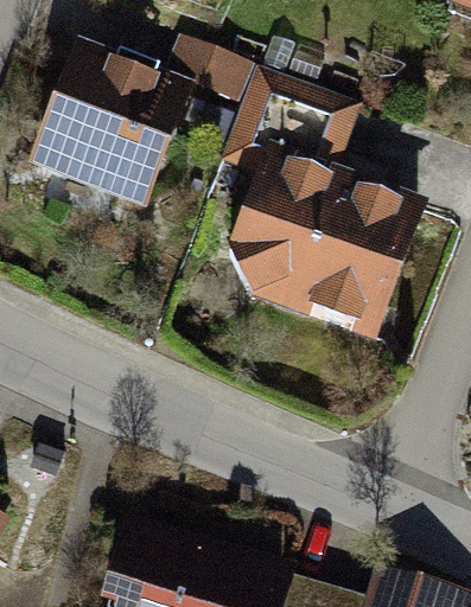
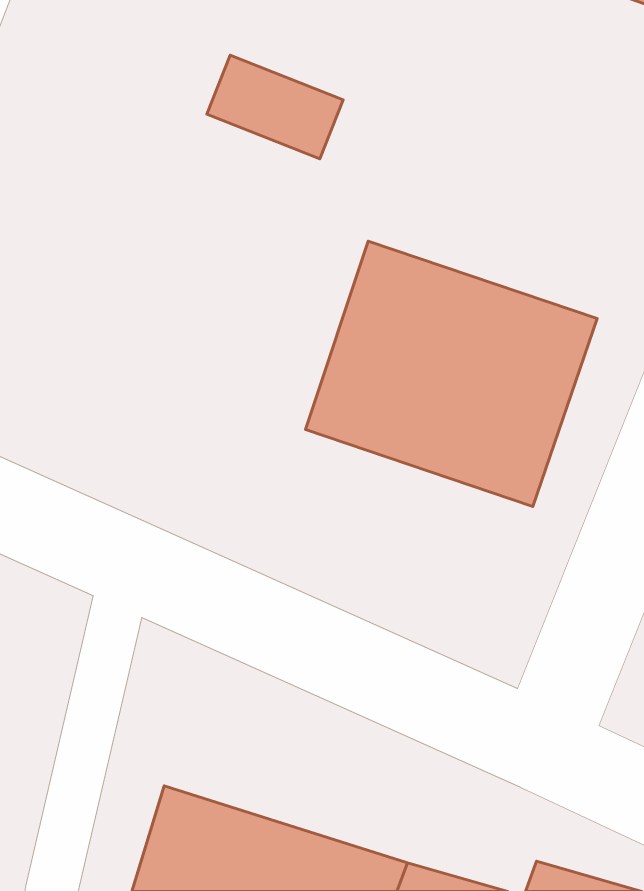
building: [40,59,184,200] -> none
building: [237,75,352,168] -> none

